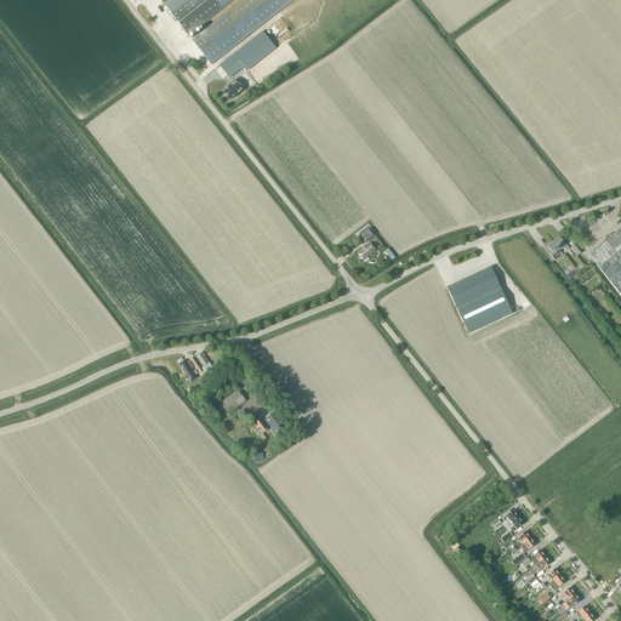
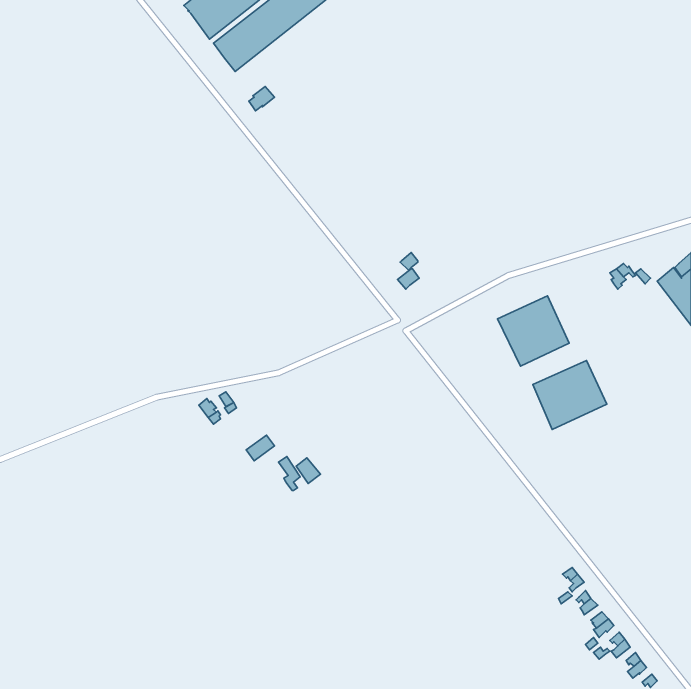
building: [220,30,277,73] -> none
building: none -> [533,360,607,429]

